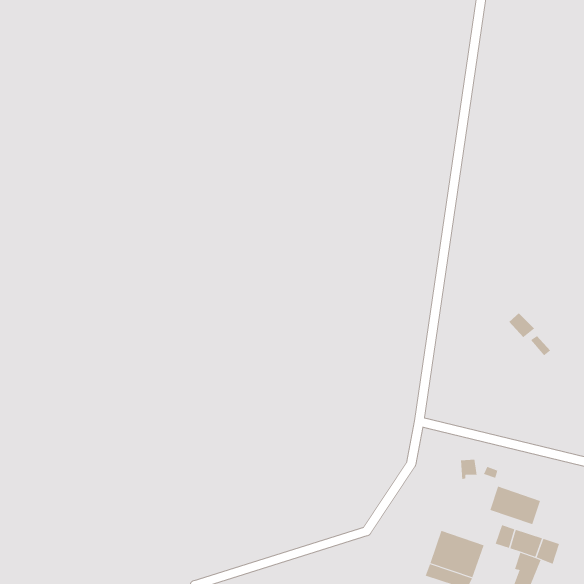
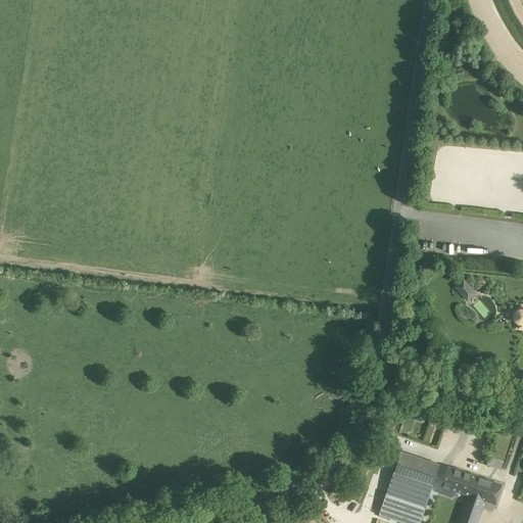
building: [489,486,541,525] -> [393,453,439,487]

